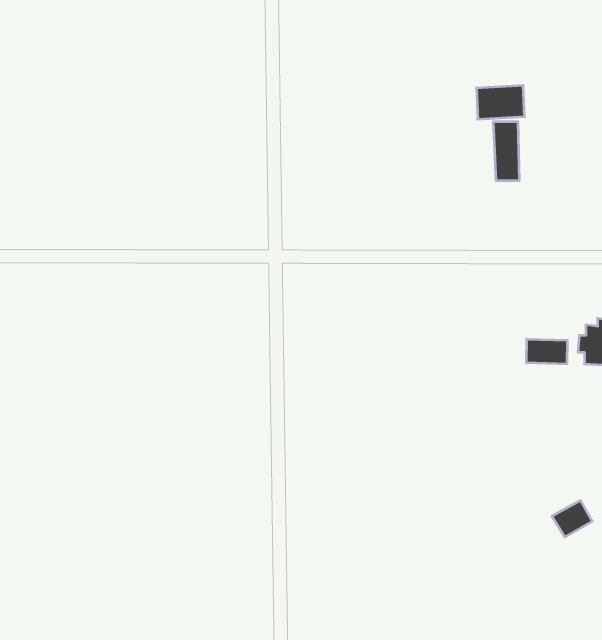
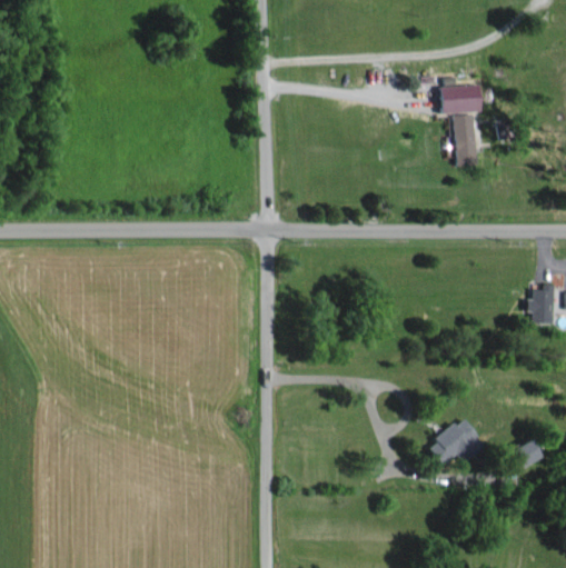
building: [526,339,567,364] -> none
building: none -> [427,417,485,466]

